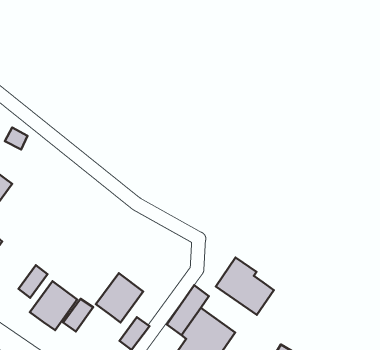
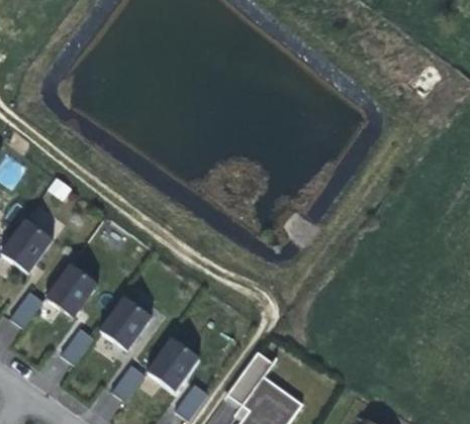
building: none -> [45,263,98,317]
building: [216,257,274,315] -> none
building: [30,281,77,330] -> [99,296,152,350]

